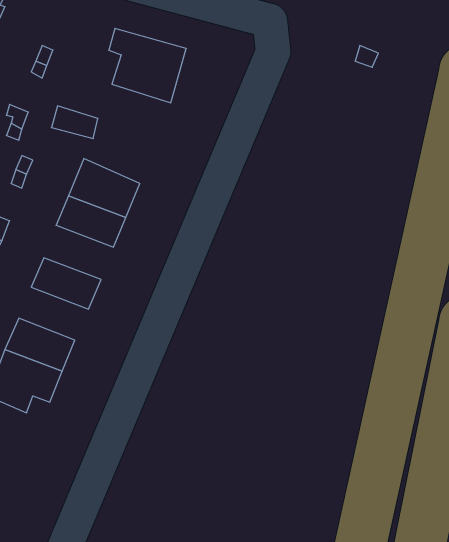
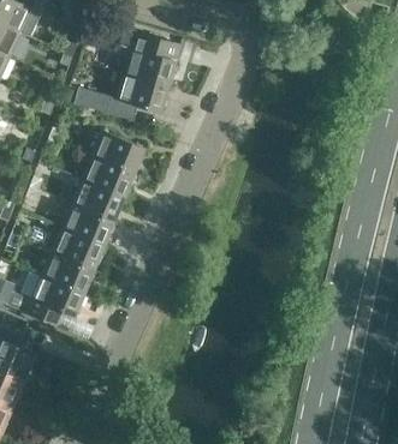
building: none -> [113,73,167,114]
building: none -> [69,182,123,224]
building: none -> [49,230,103,271]

